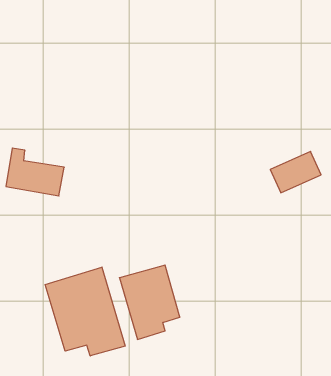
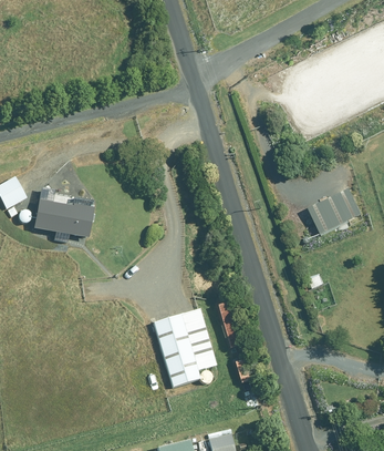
building: [45,267,125,356] -> none

